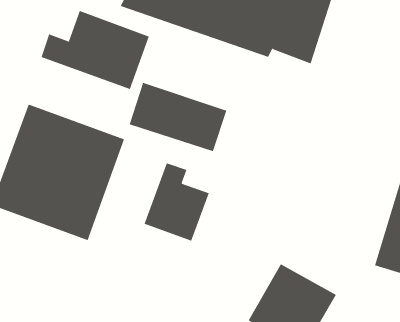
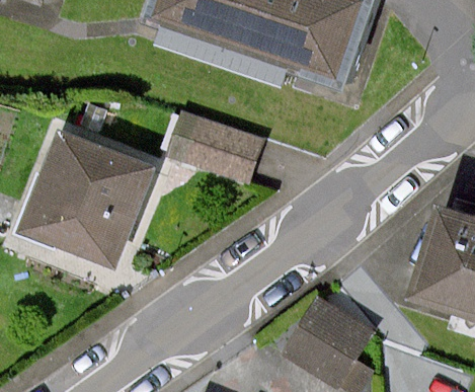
building: [41,10,150,90] -> none
building: [144,162,209,242] -> none

